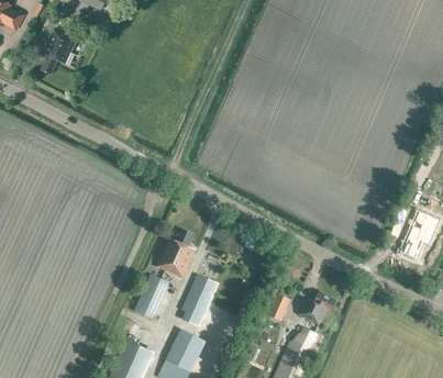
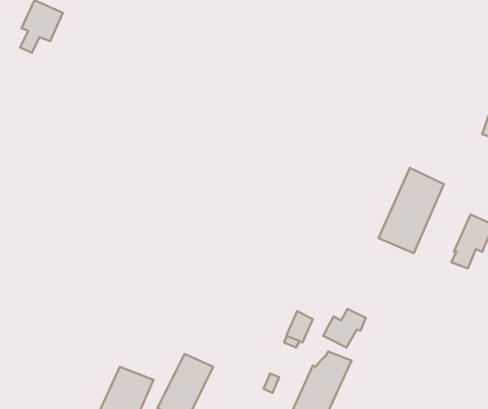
building: none -> [379,168,444,253]
building: [156,231,196,279] -> none
building: [178,256,224,327] -> none
building: [134,275,168,319] -> none

